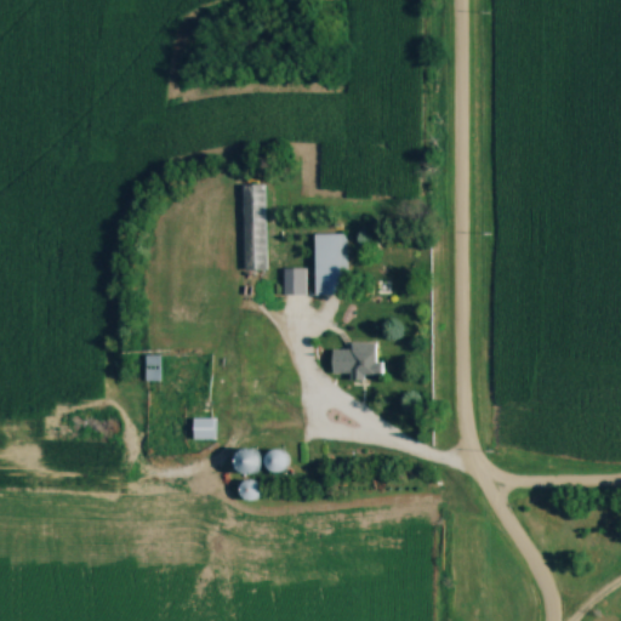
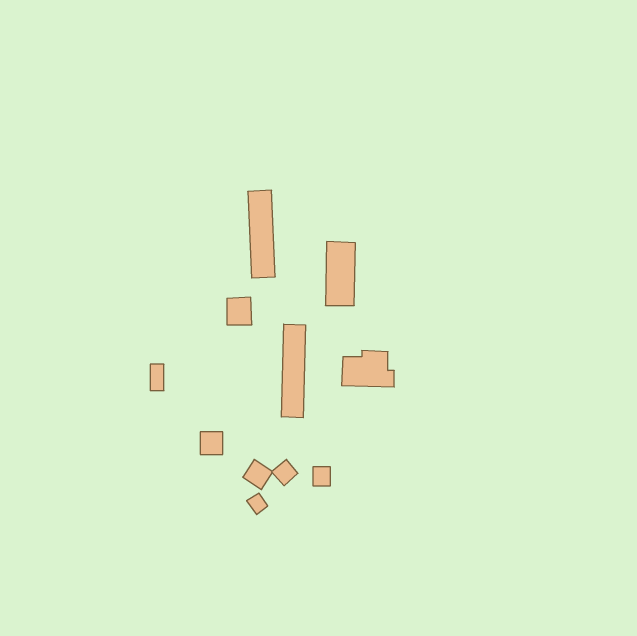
building: [280,267,304,294] -> [227,297,252,325]
building: none -> [281,324,305,418]

